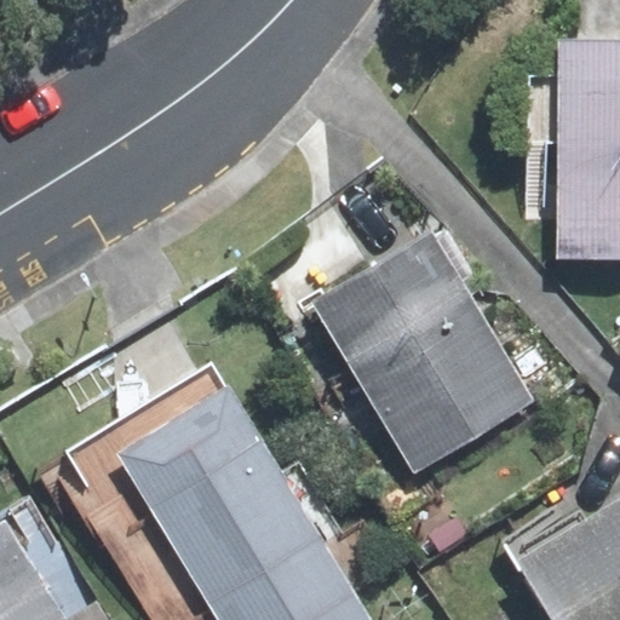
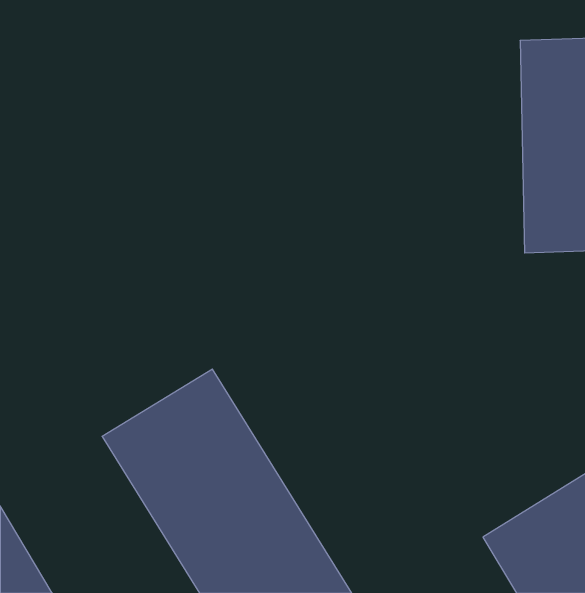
building: [310,229,539,478] -> none

